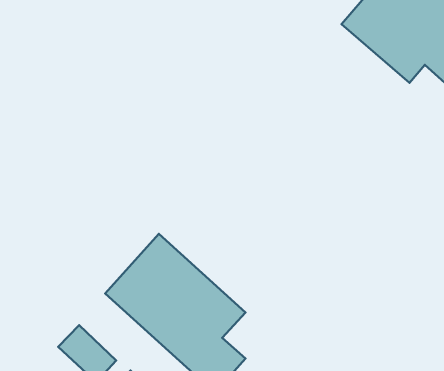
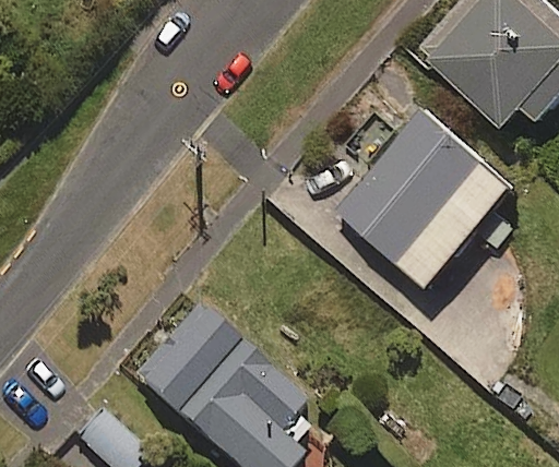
building: none -> [338,109,514,287]

